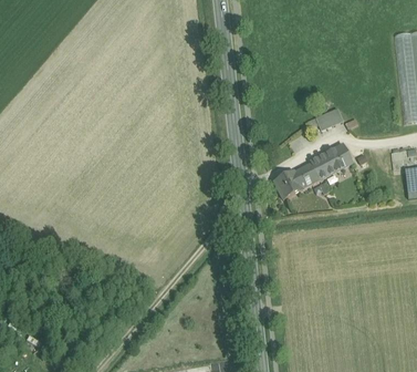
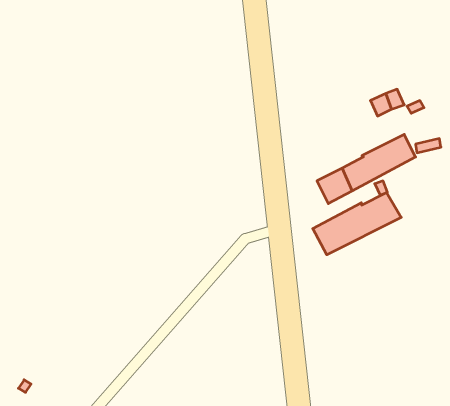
building: none -> [313,193,401,255]

